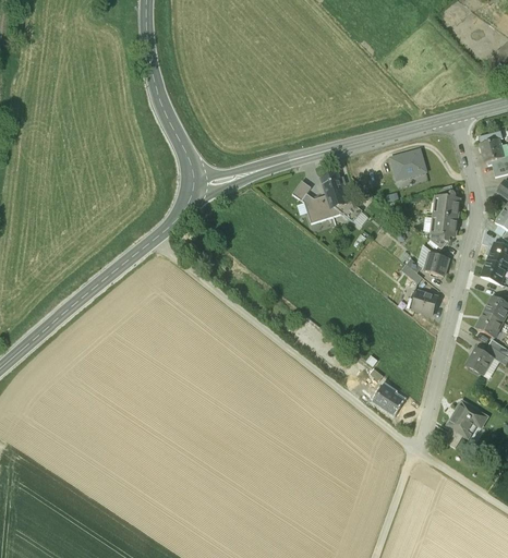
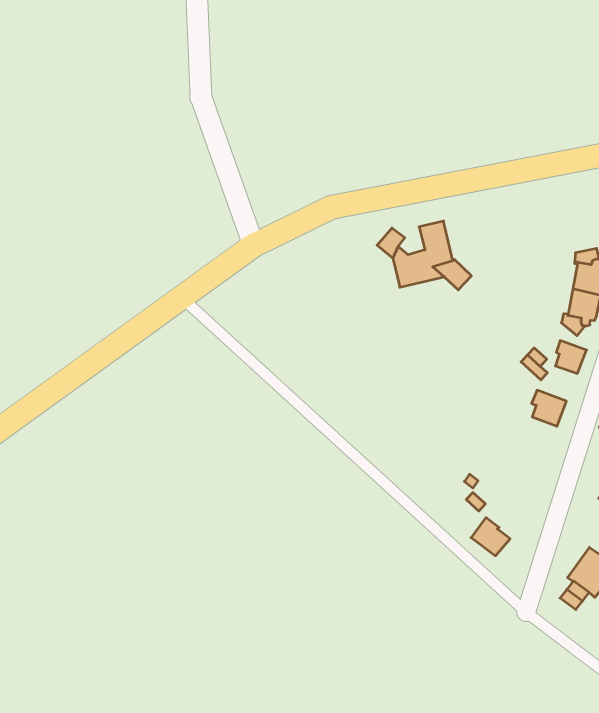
building: [390,149,425,179] -> none

